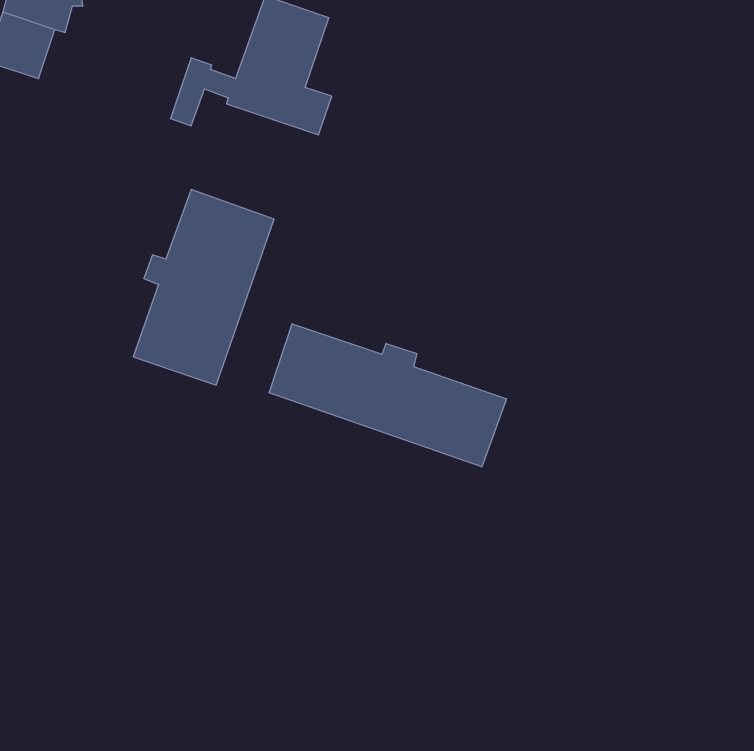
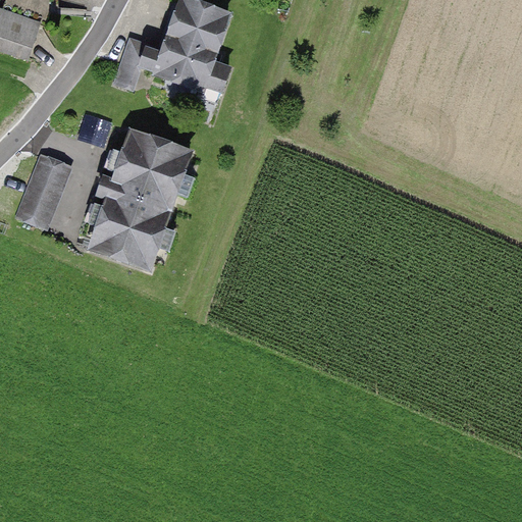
building: none -> [16,153,68,224]
building: [269,324,506,467] -> none

